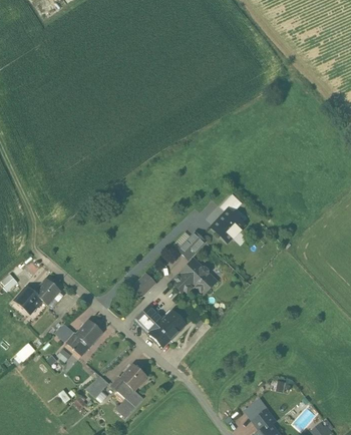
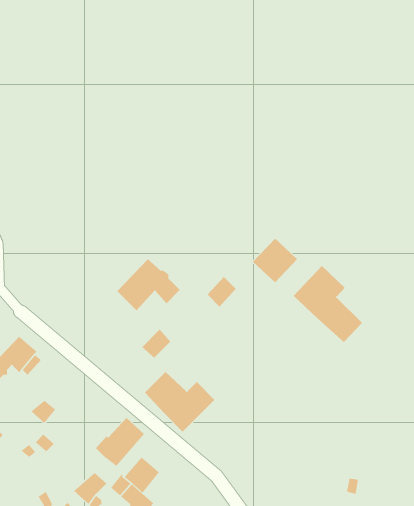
building: none -> [293,265,363,343]
building: [171,258,217,295] -> [117,259,181,311]
building: [67,319,102,354] -> [95,417,145,467]

